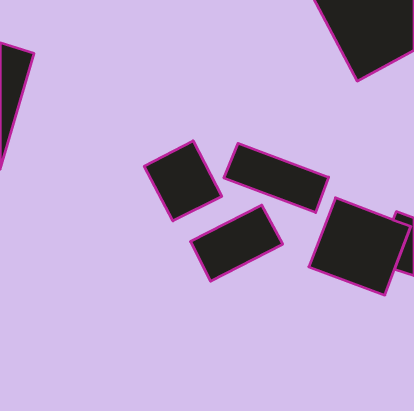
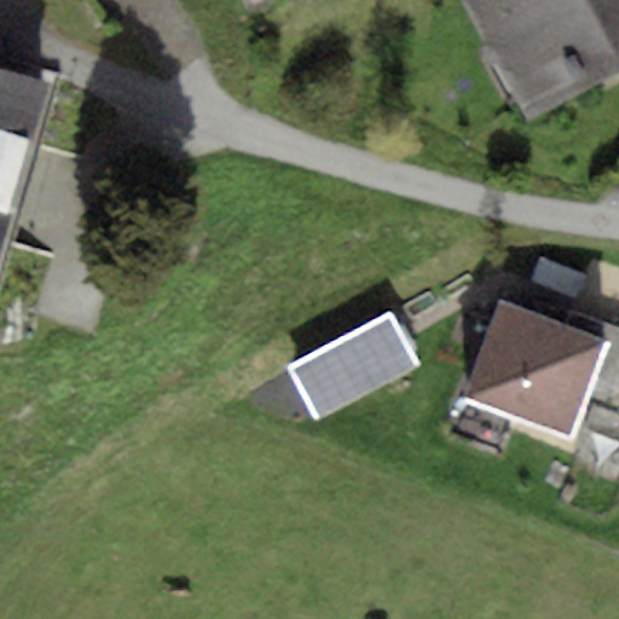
building: [144,141,222,221] -> none
building: [224,143,329,213] -> none

